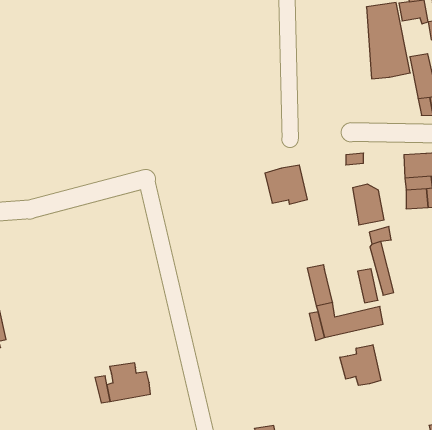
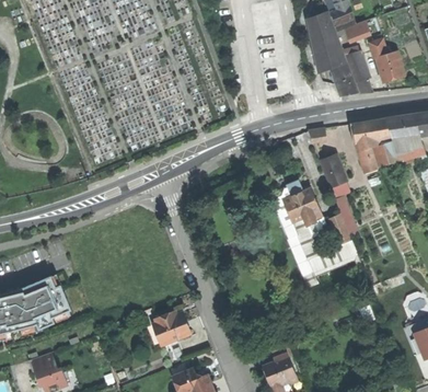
building: none -> [332,64,357,96]
building: [265,165,307,204] -> [282,191,317,222]
building: [340,345,381,385] -> none

